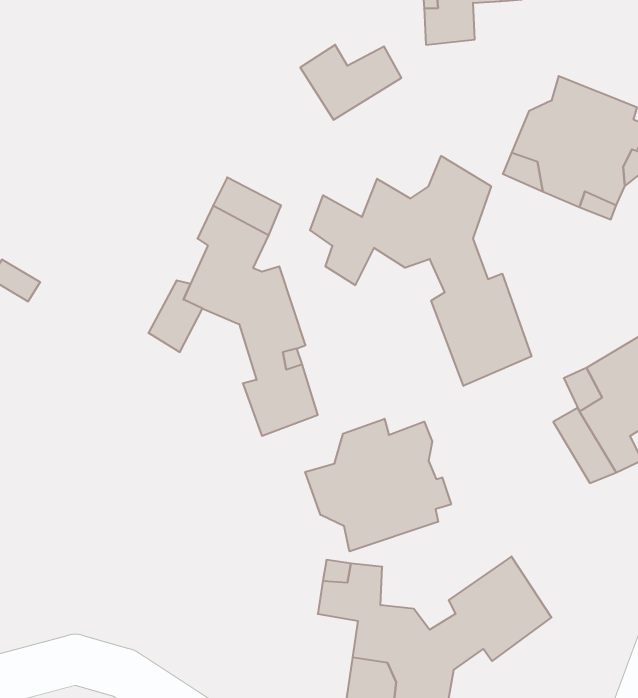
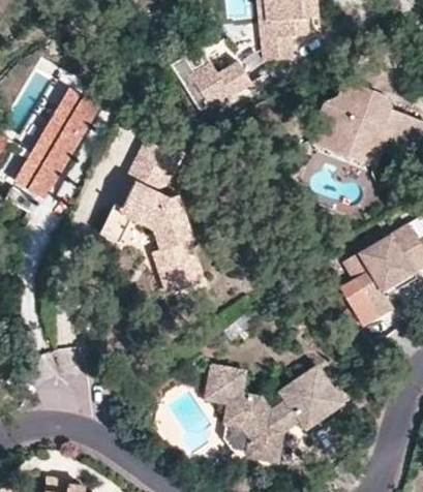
building: none -> [16,93,96,199]
building: [310,156,531,386] -> none
building: [305,419,451,551] -> none

